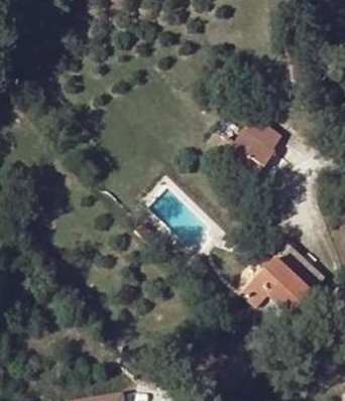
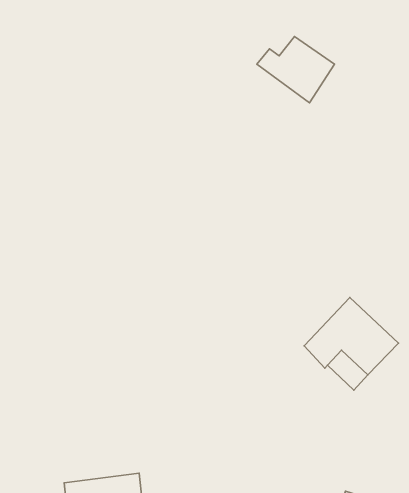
building: [220,129,276,177] -> [257,36,335,103]

